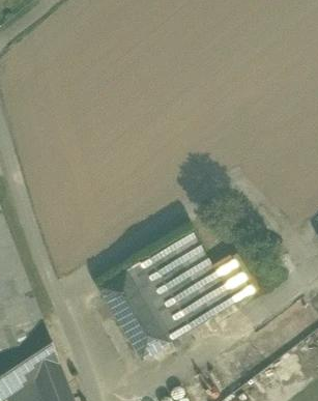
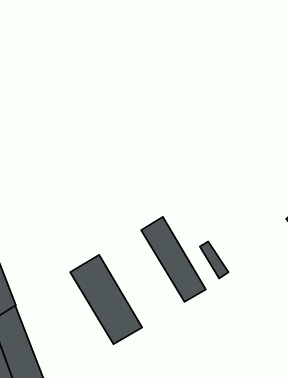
building: [121,246,207,348] -> none

